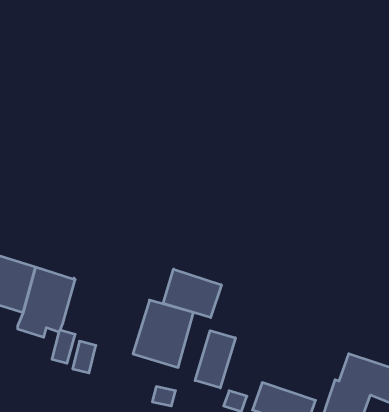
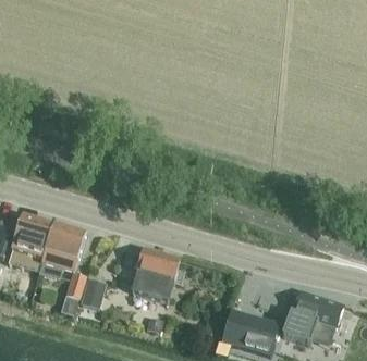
building: [163,269,221,318] -> none
building: [195,331,235,388] -> none

